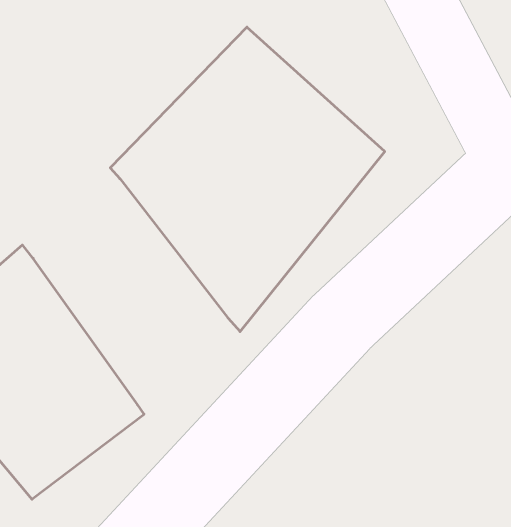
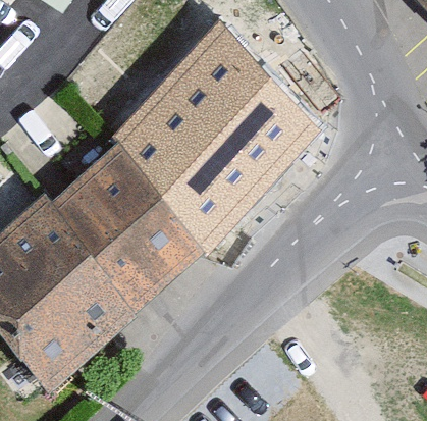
building: none -> [52,146,199,316]

